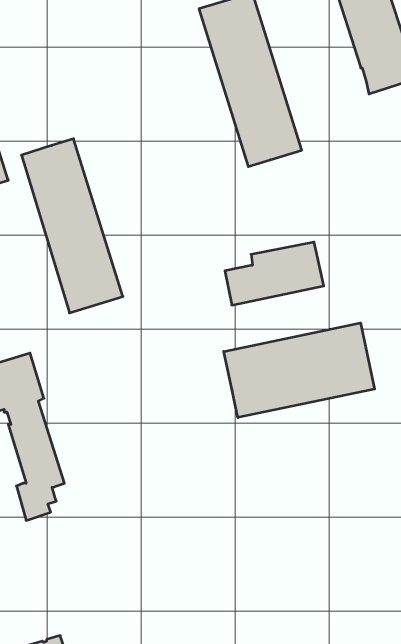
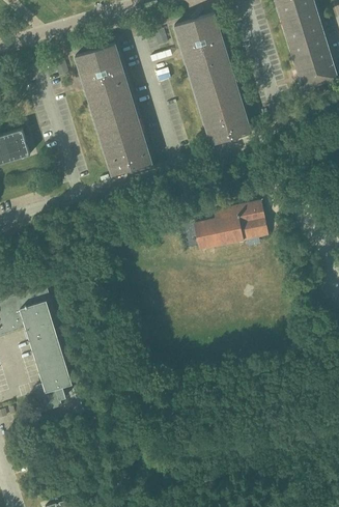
building: [21,139,123,313] -> [75,44,151,175]
building: [224,323,375,418] -> none

